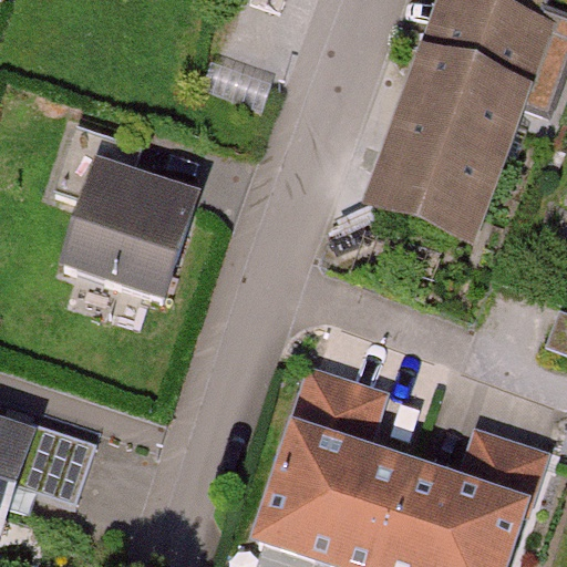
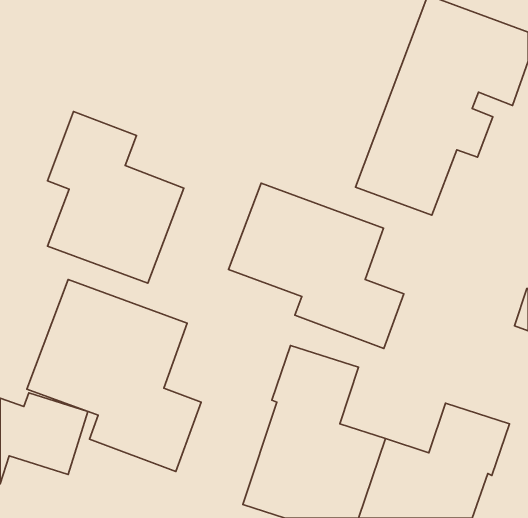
building: none -> [229,183,404,348]
building: none -> [27,279,201,471]

